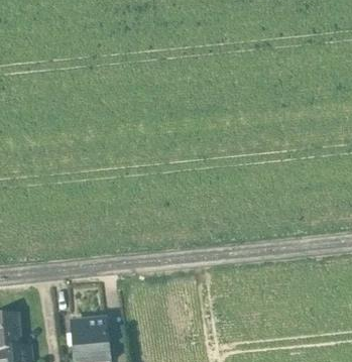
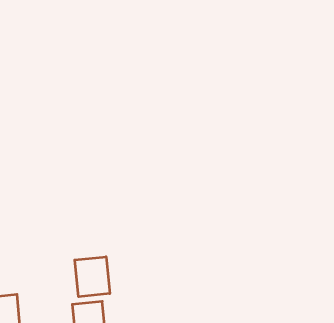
building: none -> [75,257,110,297]

